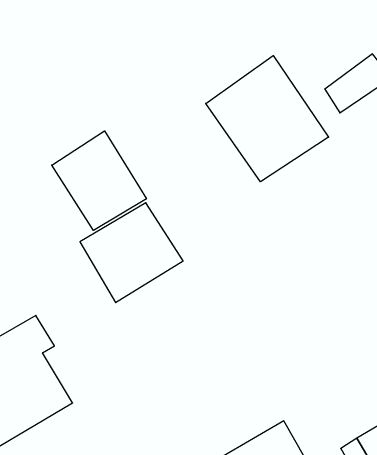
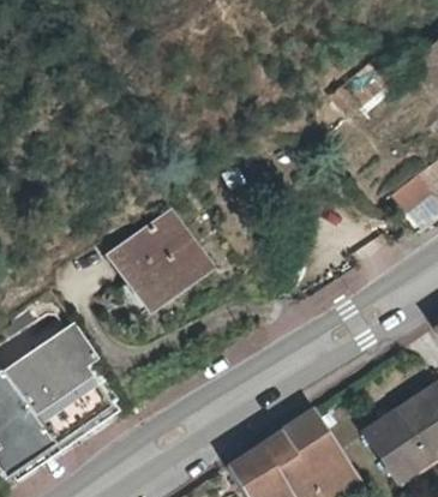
building: [206,56,329,182] -> none
building: [52,131,146,230] -> none

